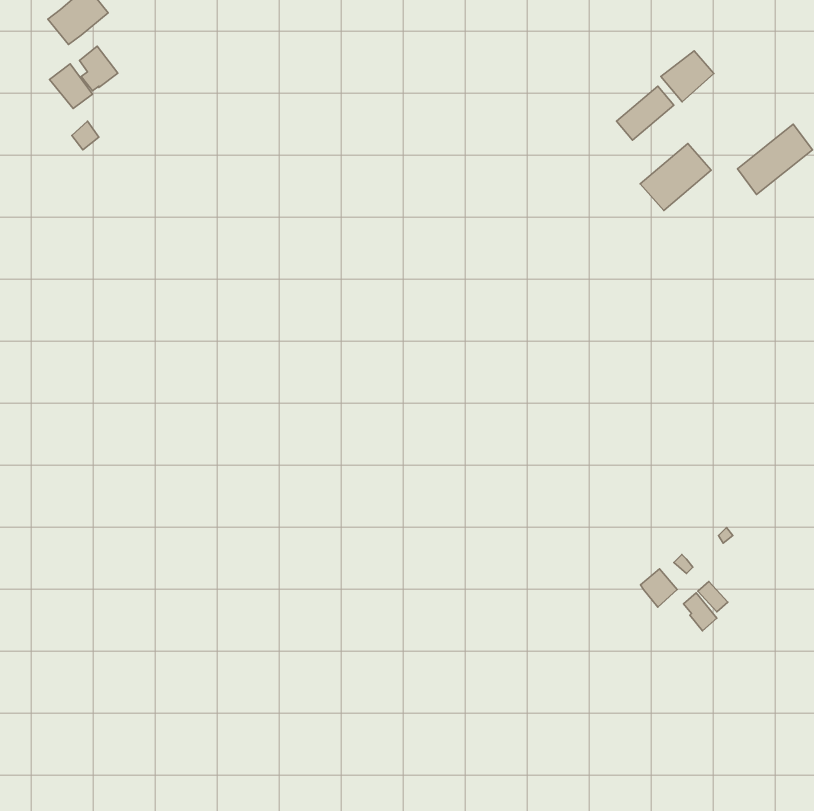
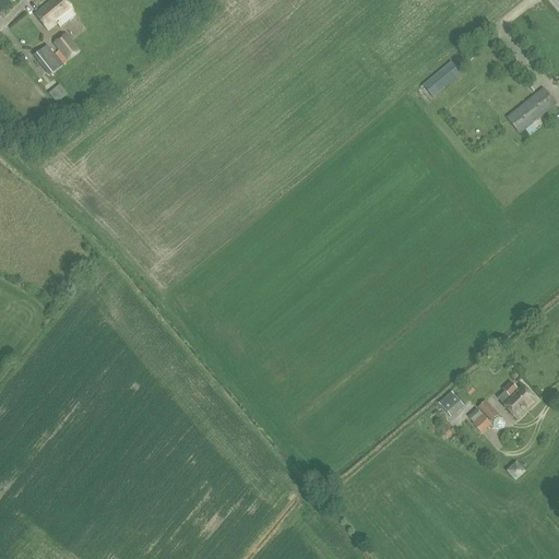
building: [661,51,714,102] -> none
building: [640,143,711,210] -> none
building: none -> [498,380,538,418]

